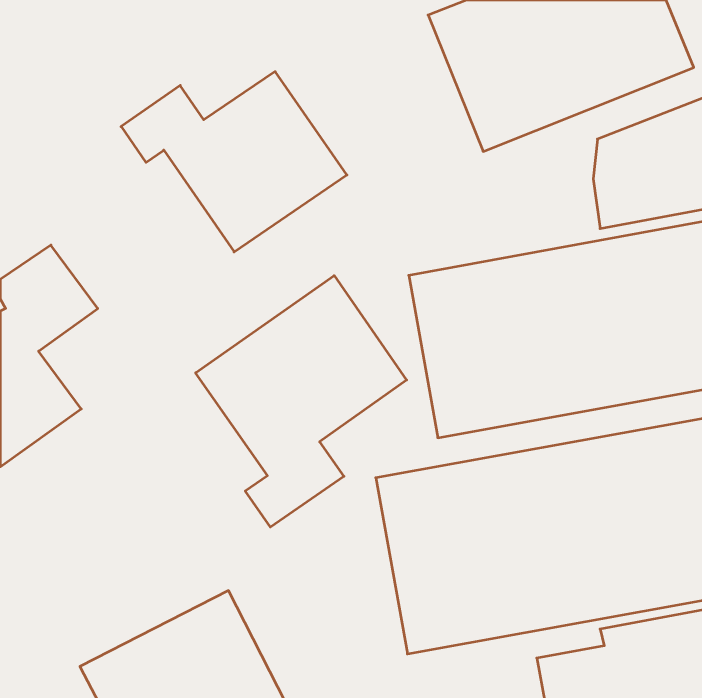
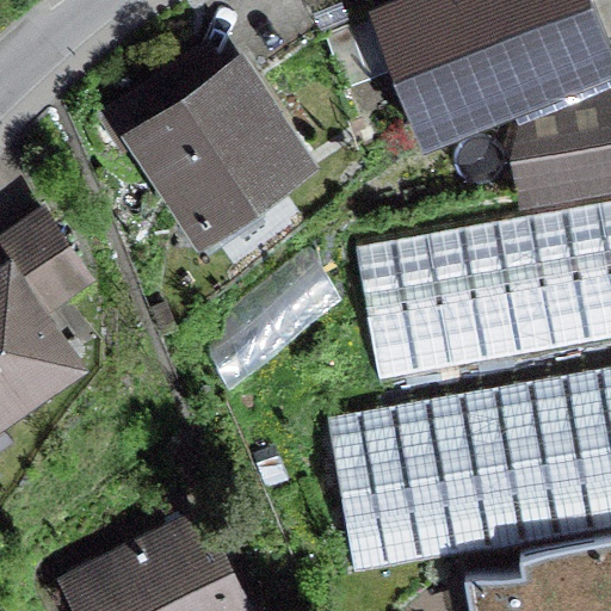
building: [196,276,407,527] -> none

